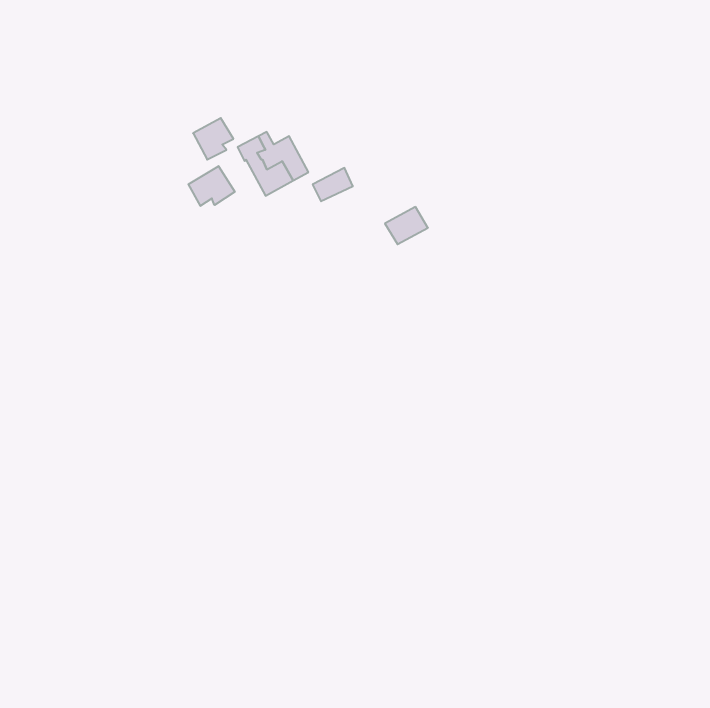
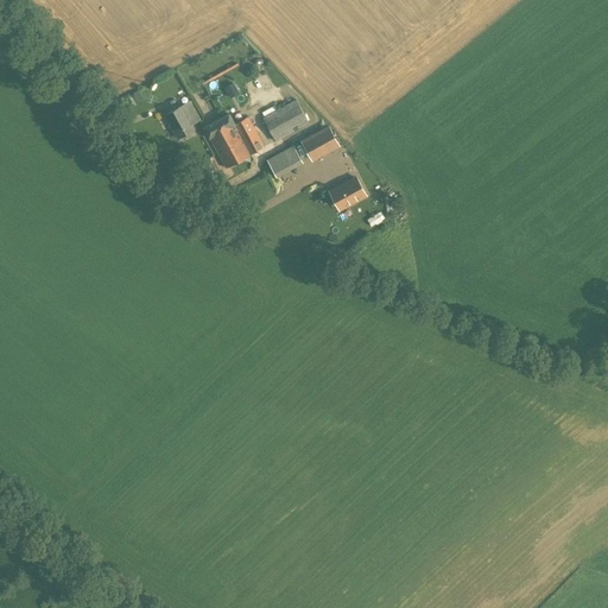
building: none -> [262,100,309,142]
building: none -> [302,128,341,165]
building: [188,166,235,206] -> none

